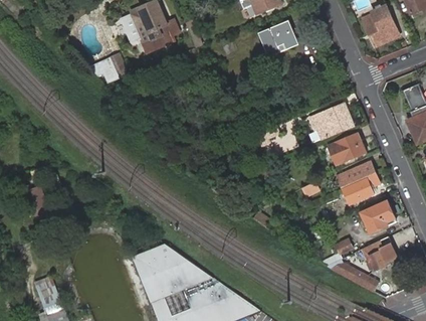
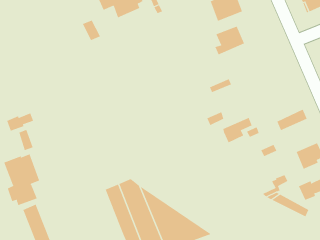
building: [316,103,353,138] -> [215,26,245,55]
building: [329,133,361,164] -> none
building: none -> [7,112,34,132]
building: [343,172,379,203] -> [222,117,253,143]
building: none -> [4,154,40,206]

